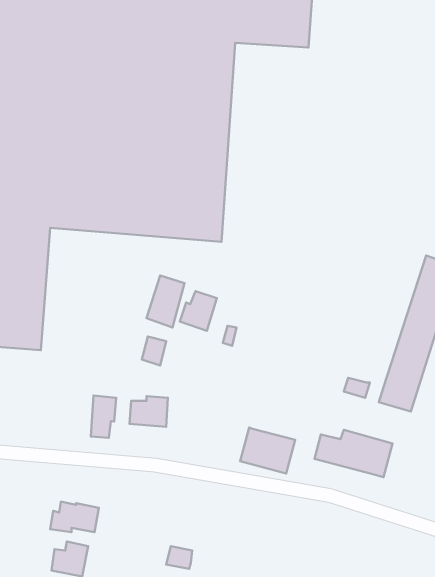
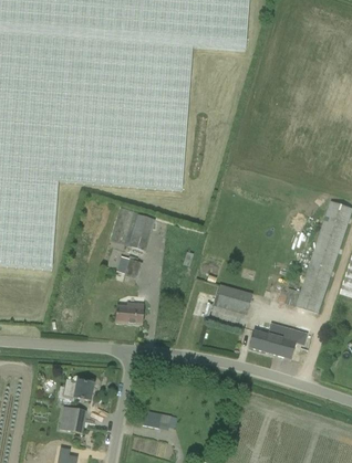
building: [180,291,217,331] -> none
building: [91,396,116,438] -> none
building: [240,427,295,473] -> [210,291,250,324]

